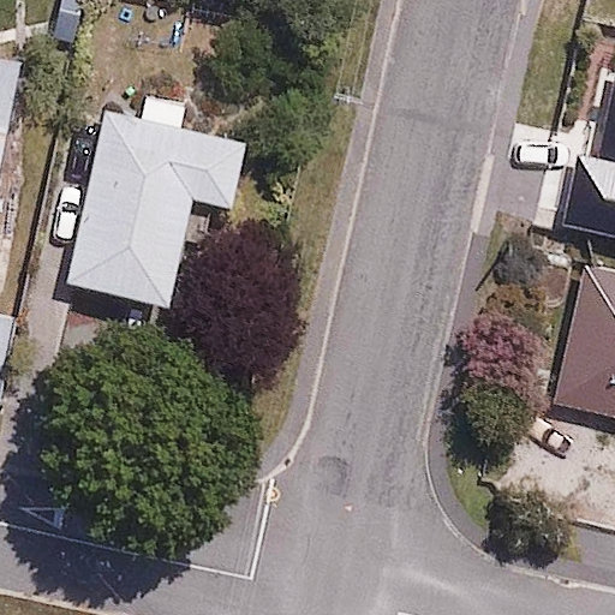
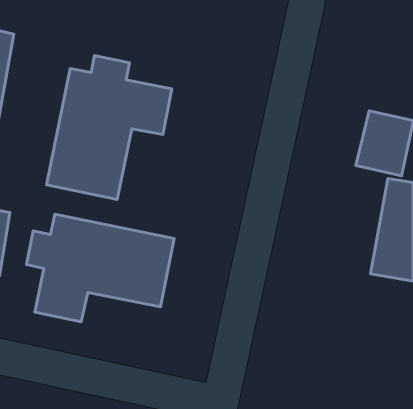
building: none -> [27,214,174,322]

